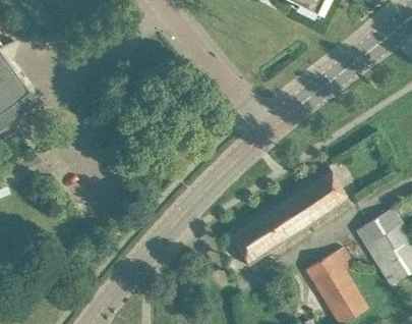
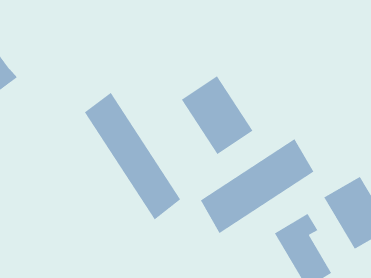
building: none -> [181,75,253,155]
building: none -> [84,91,181,220]

